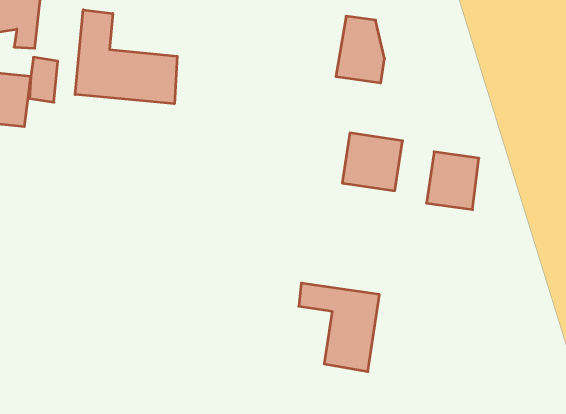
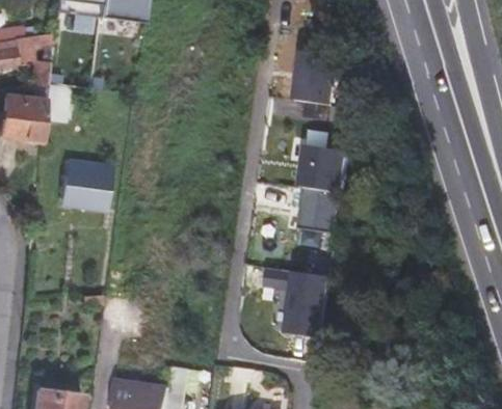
building: [75,10,177,104] -> none
building: [426,152,479,210] -> [296,187,339,234]
building: none -> [64,163,108,199]

